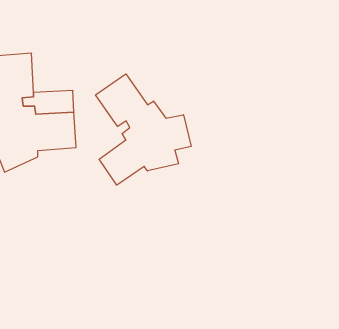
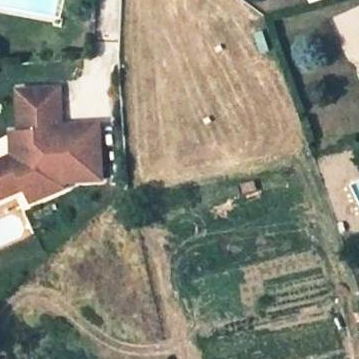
building: [96,74,191,185] -> none

